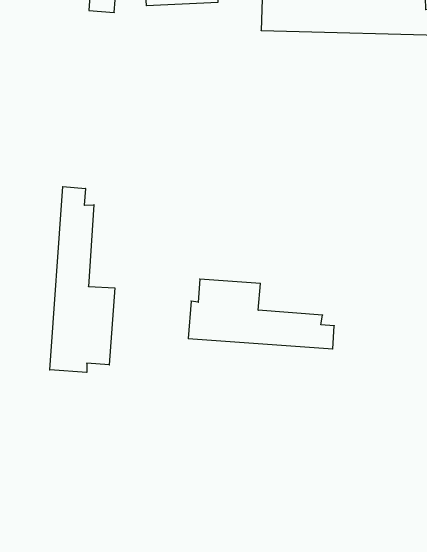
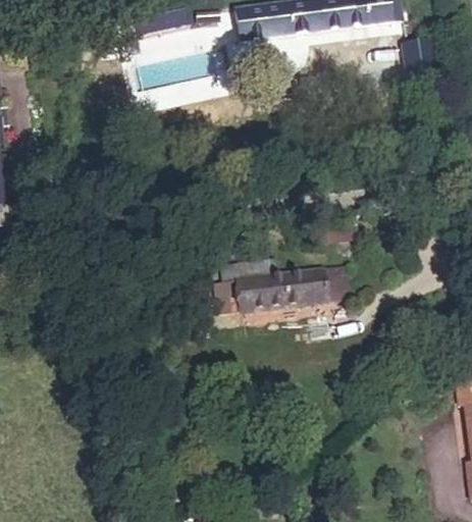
building: [50,187,115,372] -> none

